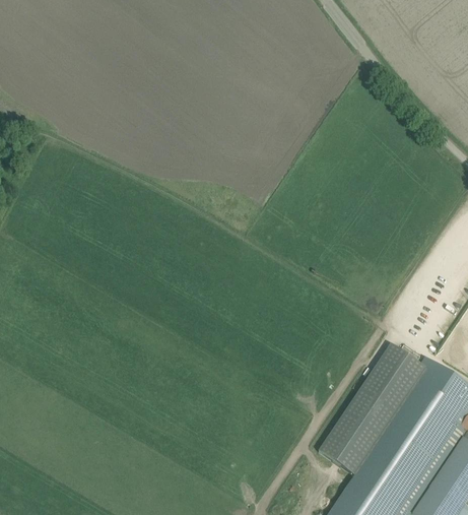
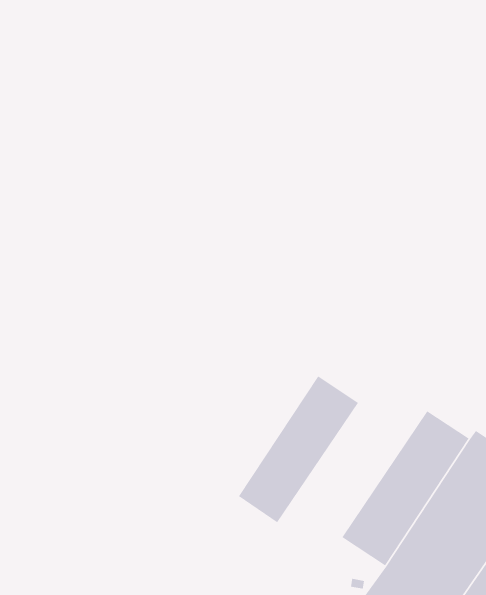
building: none -> [238,375,359,523]

